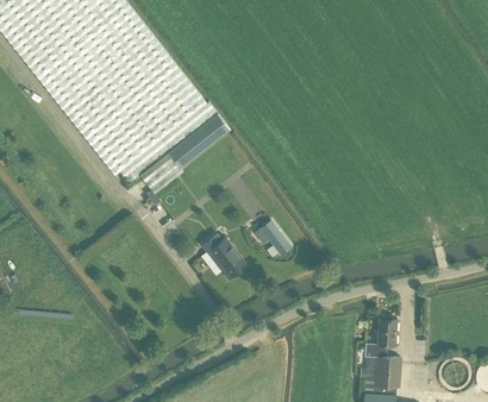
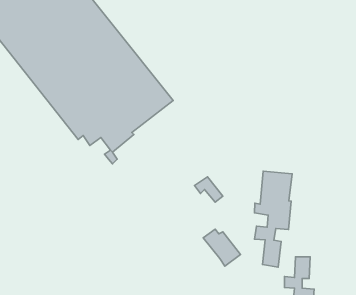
building: none -> [254,171,292,267]
building: [201,233,246,278] -> [203,229,240,266]

